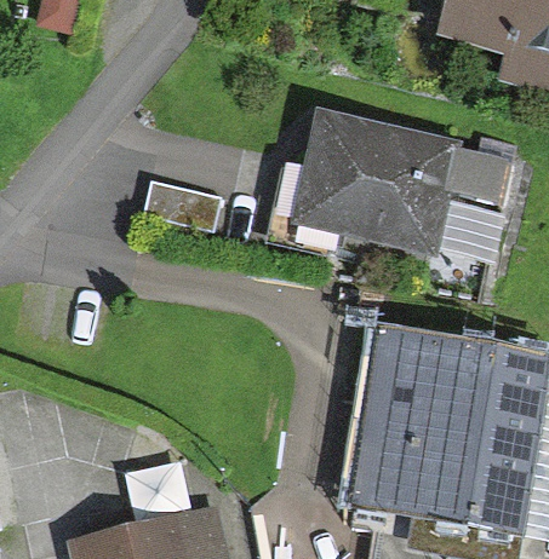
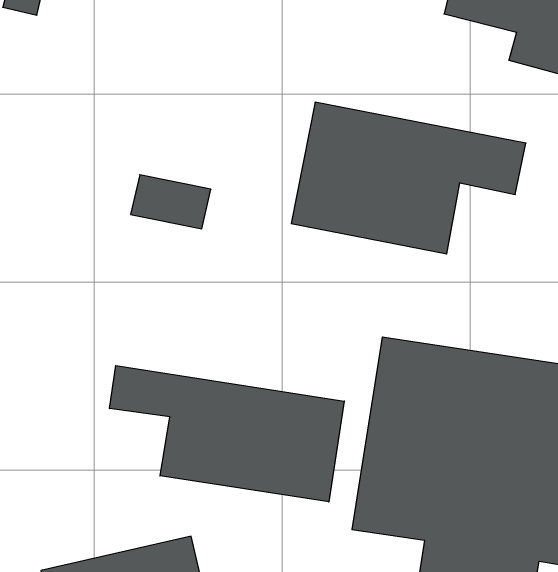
building: none -> [110,366,344,502]

